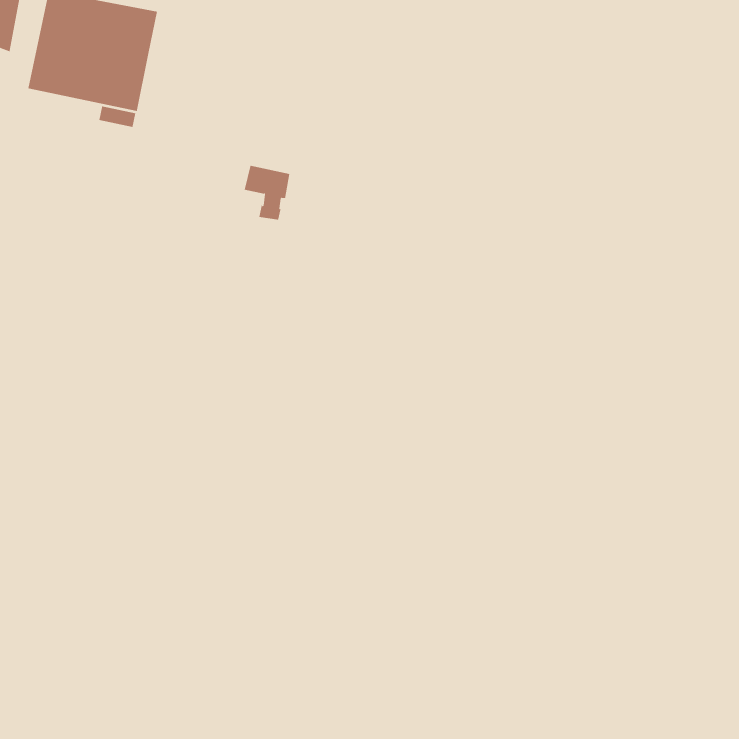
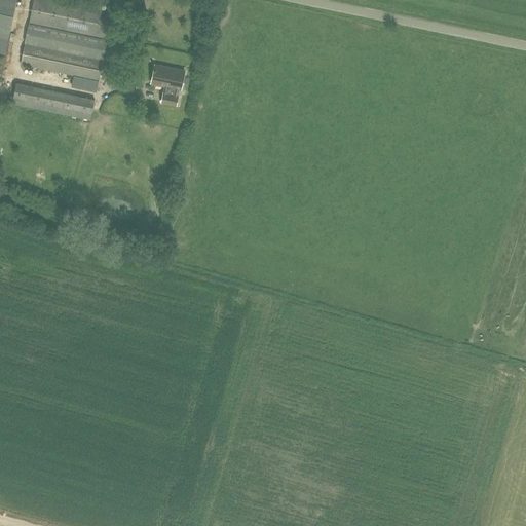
building: none -> [11,82,93,118]
building: [244,165,290,220] -> [150,64,183,103]

